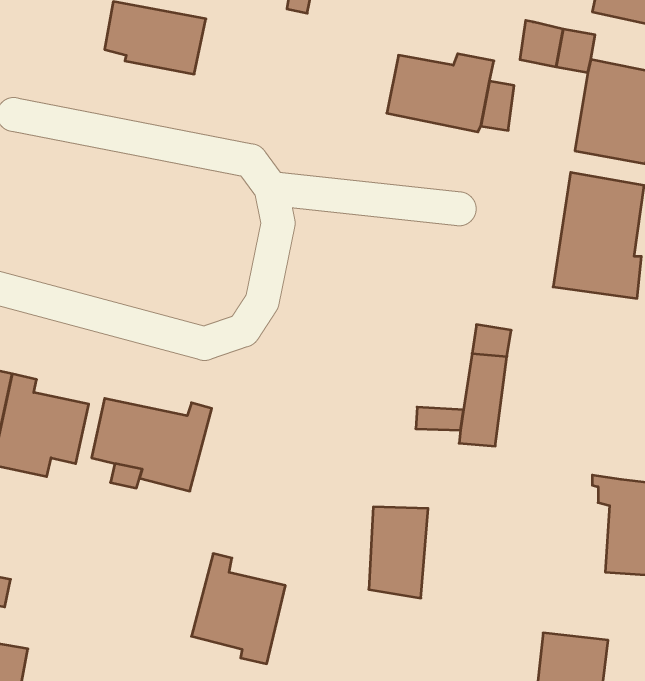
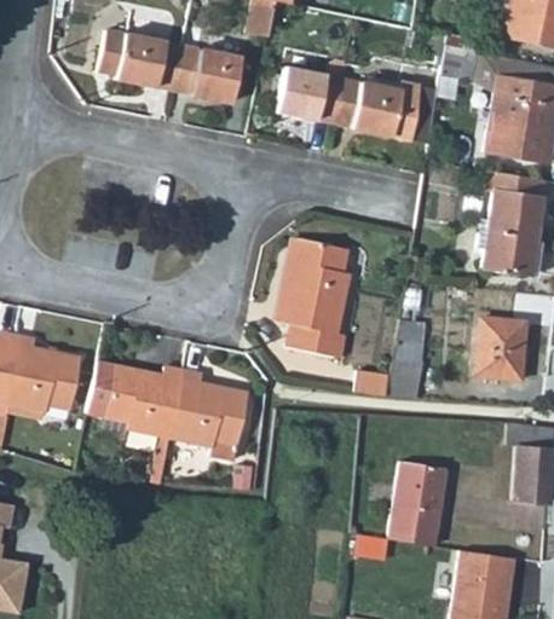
building: none -> [168,42,236,100]
building: none -> [272,63,339,121]
building: none -> [279,239,354,351]
building: none -> [478,308,525,368]
building: [369,507,428,598] -> [396,473,445,549]
building: [191,554,285,664] -> [165,368,243,459]

